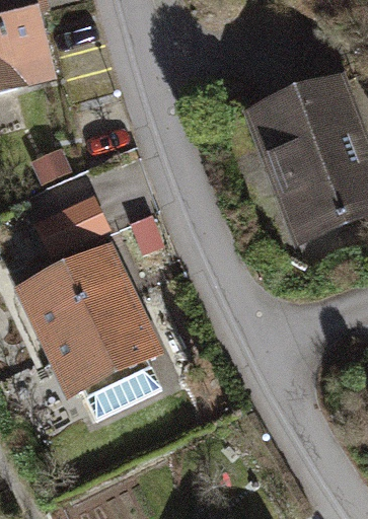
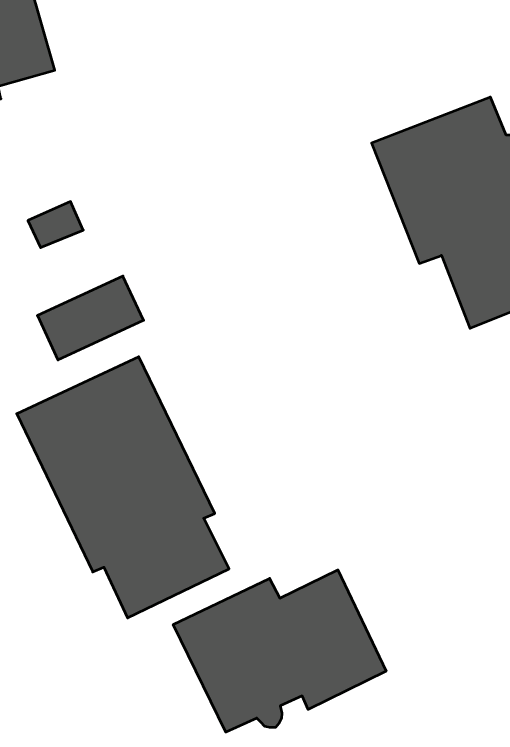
building: none -> [173,570,386,732]

